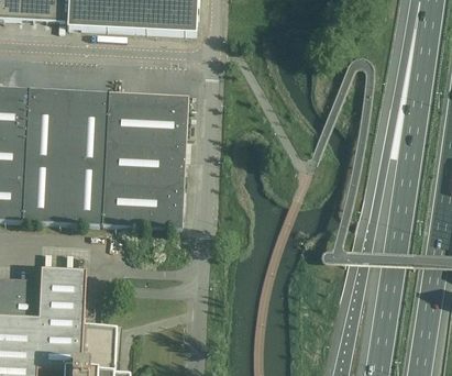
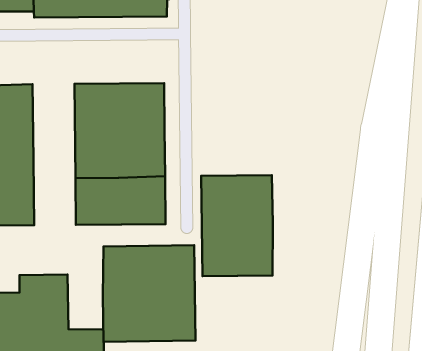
building: [56,89,102,224] -> none
building: none -> [201,175,273,276]
building: none -> [103,245,195,342]

